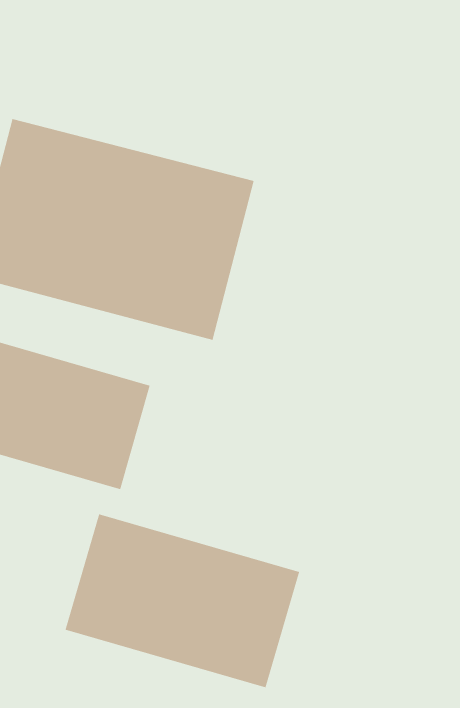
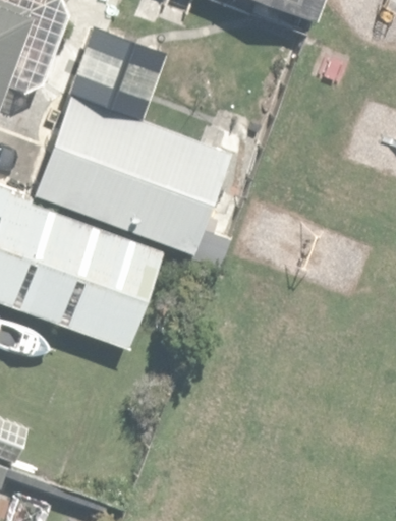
building: [65,513,300,688] -> none

